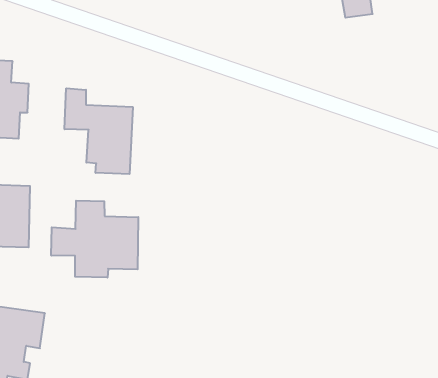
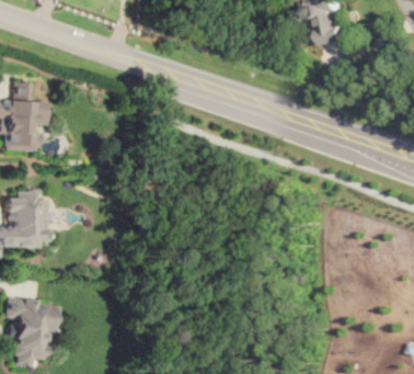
building: [65,88,133,174] -> none
building: [51,201,138,278] -> none

